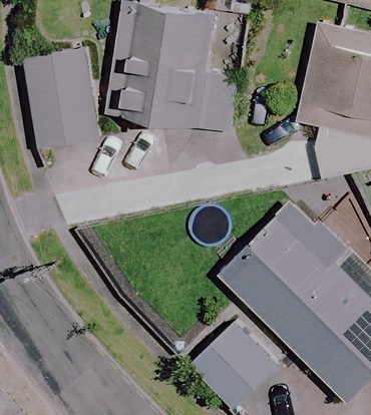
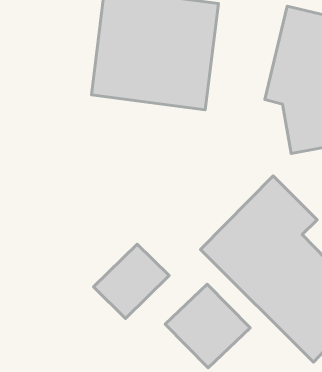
building: [25,50,96,148] -> none
building: none -> [94,244,169,318]

